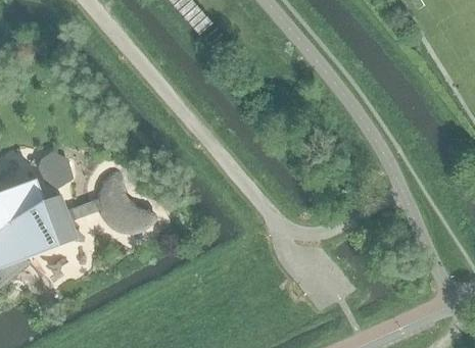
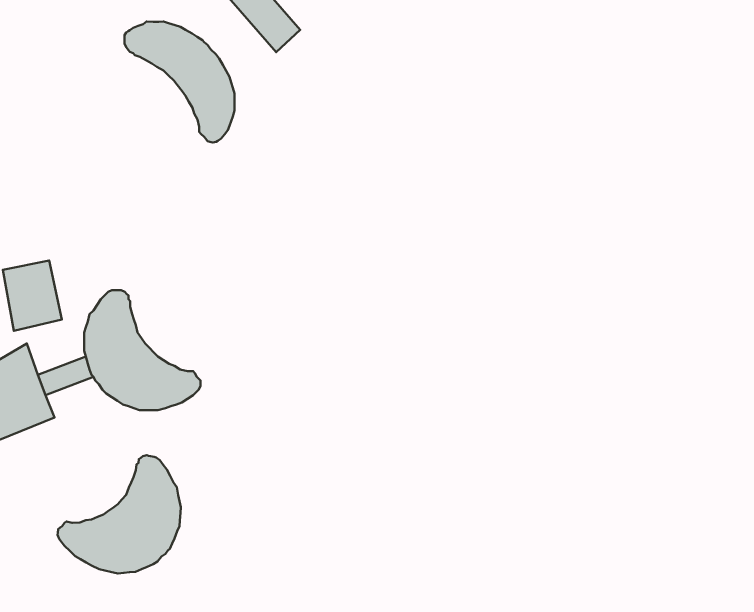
building: none -> [125,22,235,143]
building: none -> [58,455,181,574]

